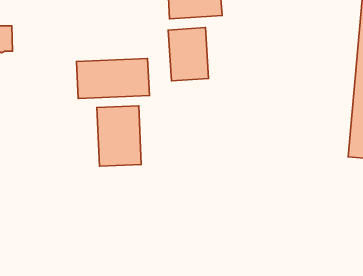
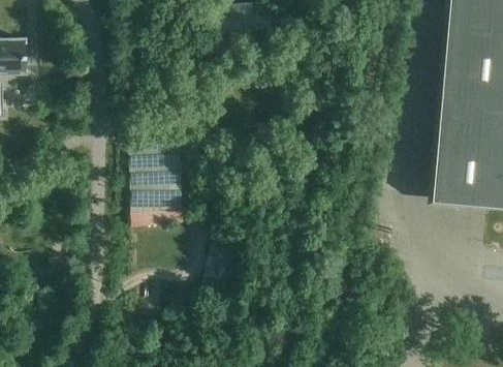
building: [168,28,209,81] -> none
building: [76,58,149,99] -> none

